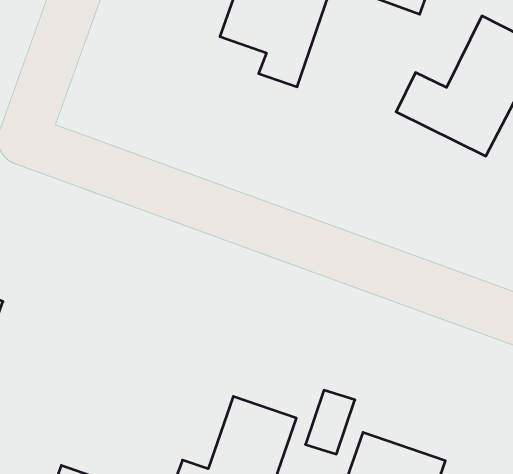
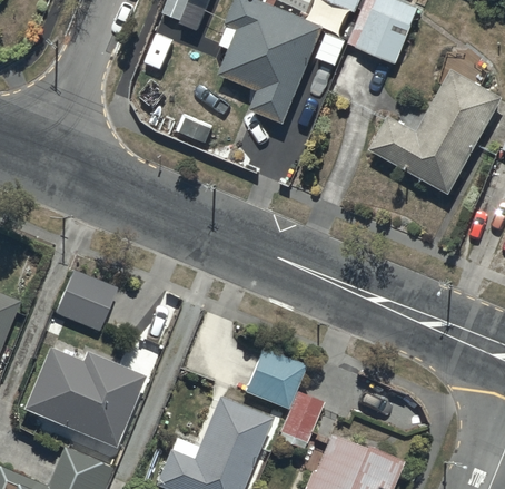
building: none -> [55,270,116,331]
building: none -> [242,346,305,409]
building: none -> [21,346,143,447]

